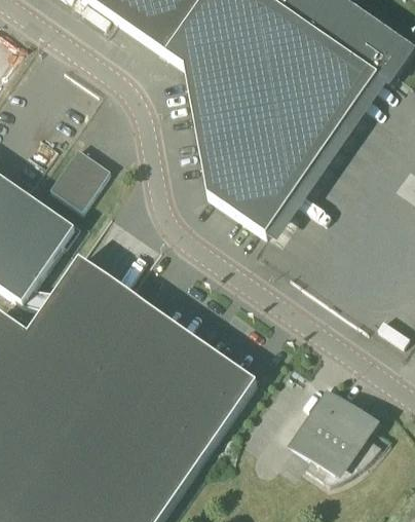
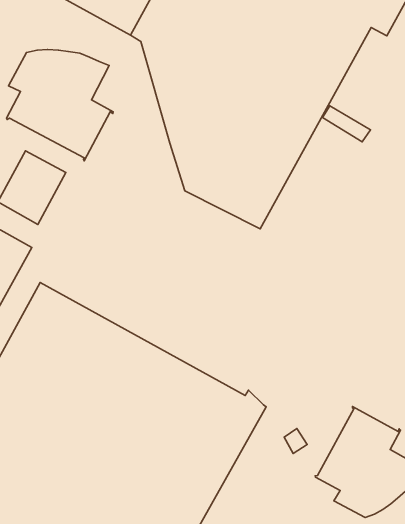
building: none -> [6,50,113,161]

